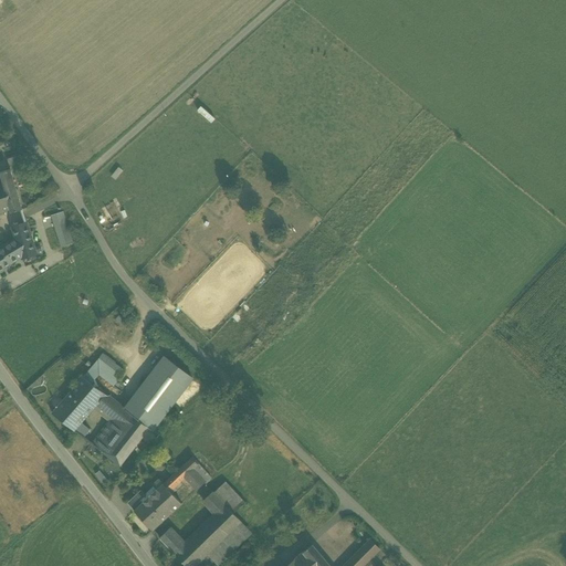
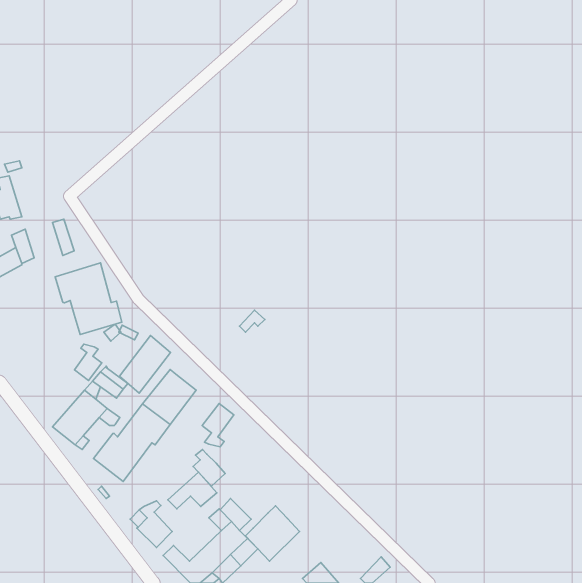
building: none -> [55,263,122,335]
building: none -> [119,335,170,393]
building: none -> [75,344,102,380]
building: none -> [202,403,234,447]
building: [149,480,180,515] -> [193,450,225,486]
building: none -> [246,506,299,561]

